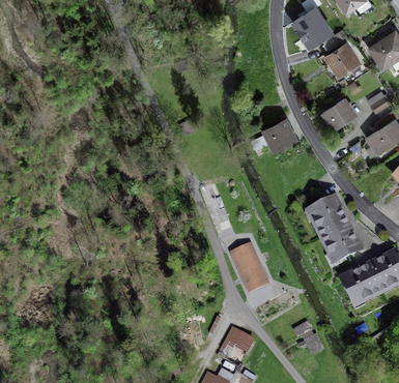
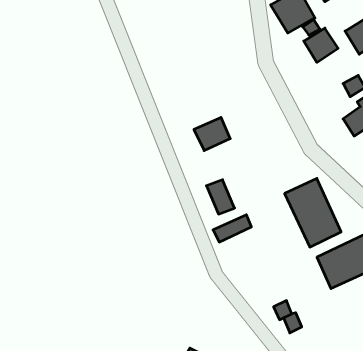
building: [321,95,358,128] -> none
building: [262,117,300,151] -> [194,117,230,151]
building: [232,260,261,295] -> [206,180,235,214]
building: [219,326,256,365] -> none

